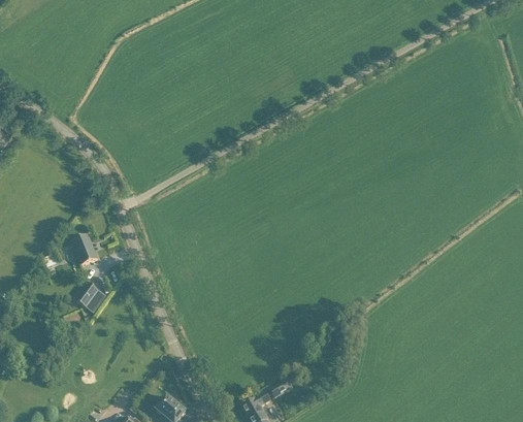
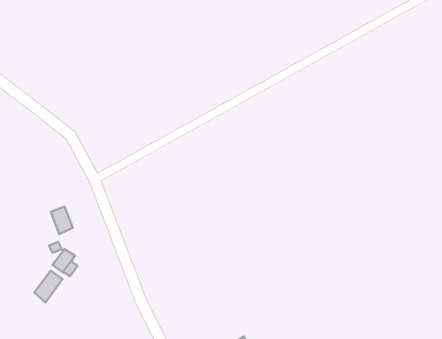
building: none -> [34,270,62,303]

